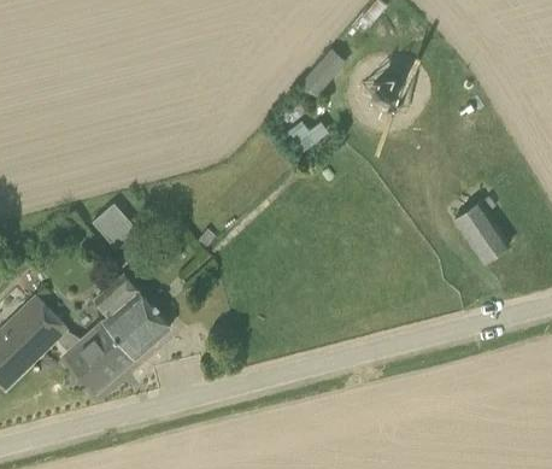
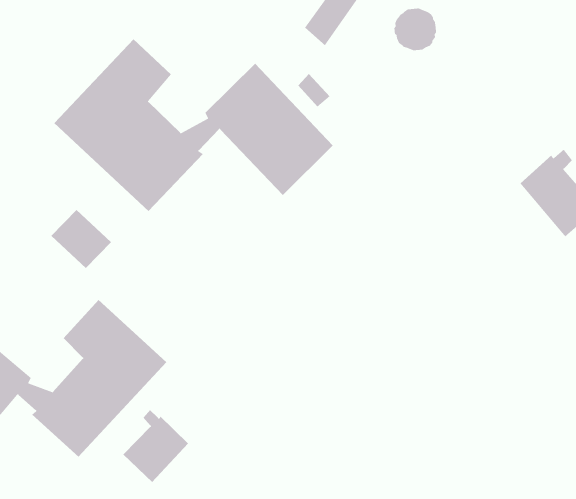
building: none -> [54,39,334,212]
building: none -> [122,409,189,483]

